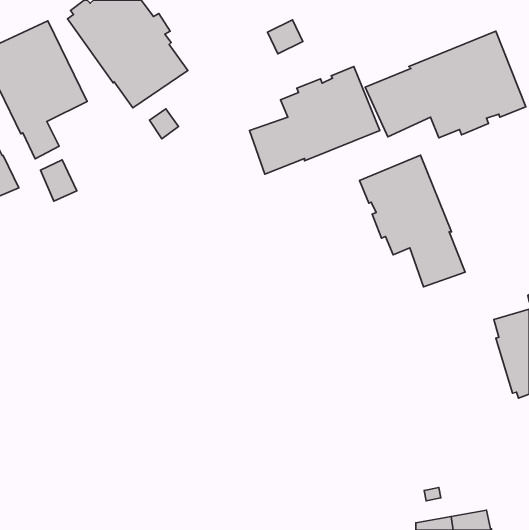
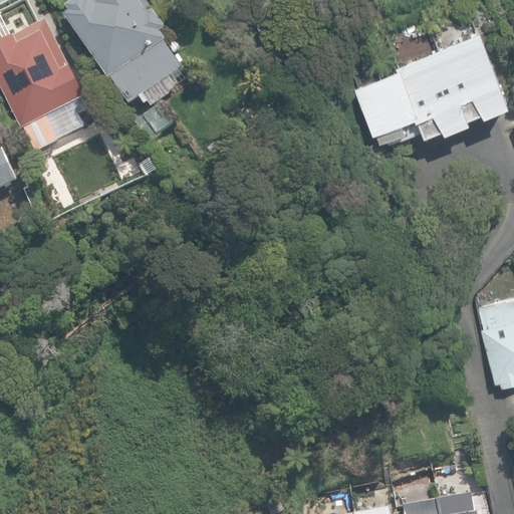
building: [249,67,380,174] -> none
building: [360,155,465,287] -> none

